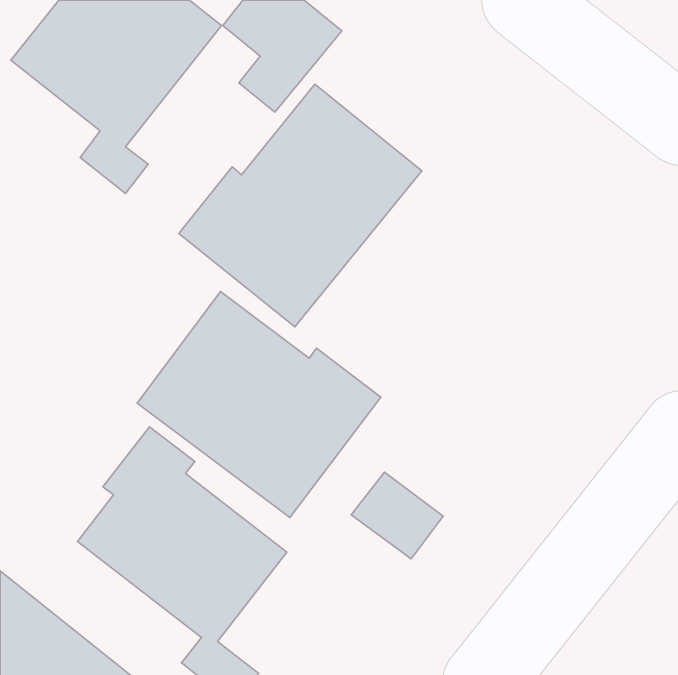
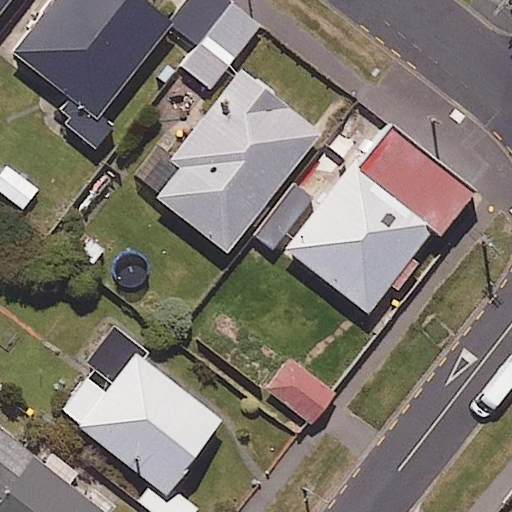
building: none -> [285,115,488,320]
building: [137,292,381,518] -> none

